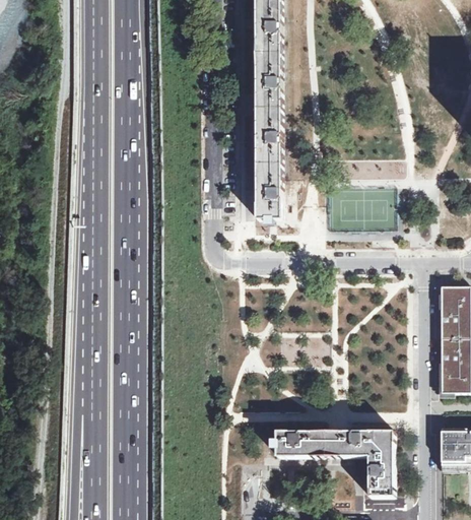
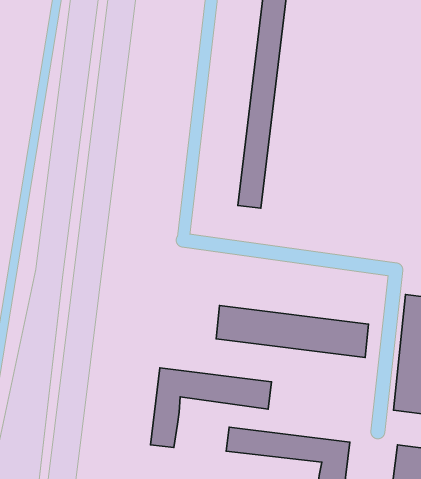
building: none -> [216,305,368,358]
building: none -> [150,368,272,448]

